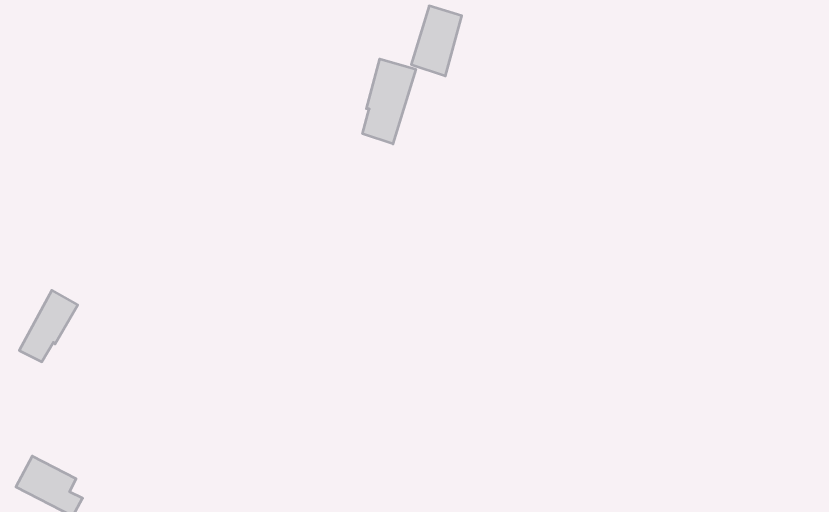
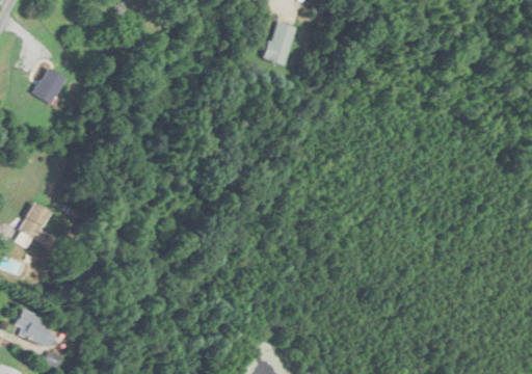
building: [363,59,416,144] -> none
building: none -> [32,66,66,104]

